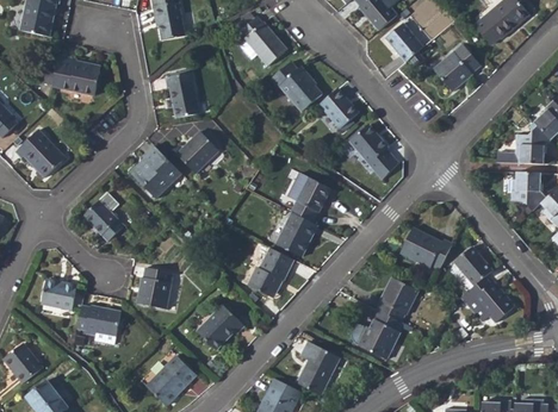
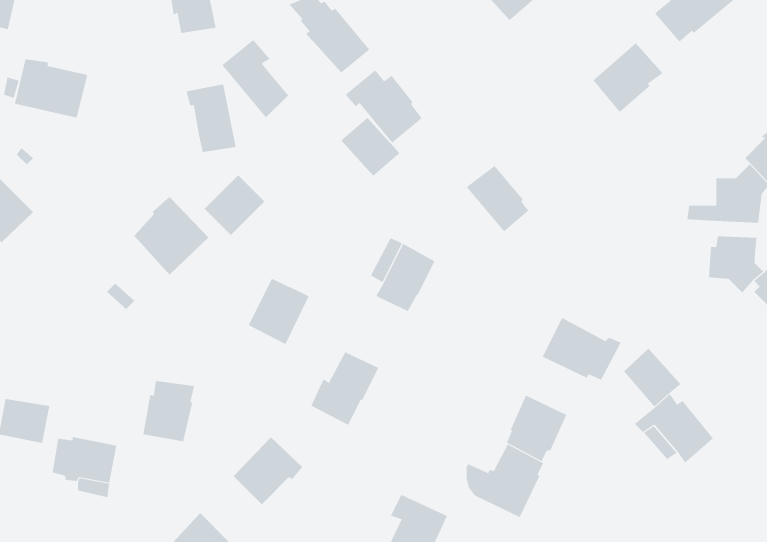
building: [385,24,424,63] -> none
building: none -> [222,39,289,118]
building: [320,89,359,129] -> [341,117,400,177]
building: [83,200,124,241] -> none
building: [277,213,317,257] -> [248,278,309,345]

